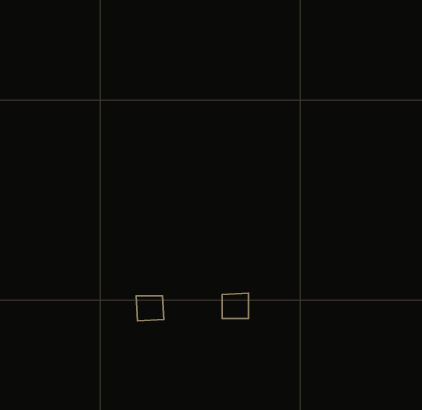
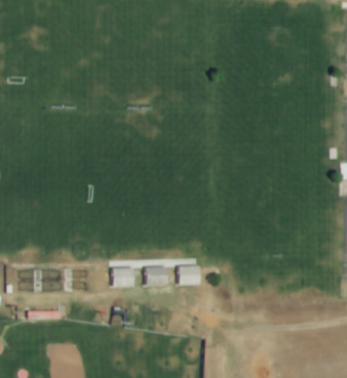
building: none -> [149,266,170,286]

